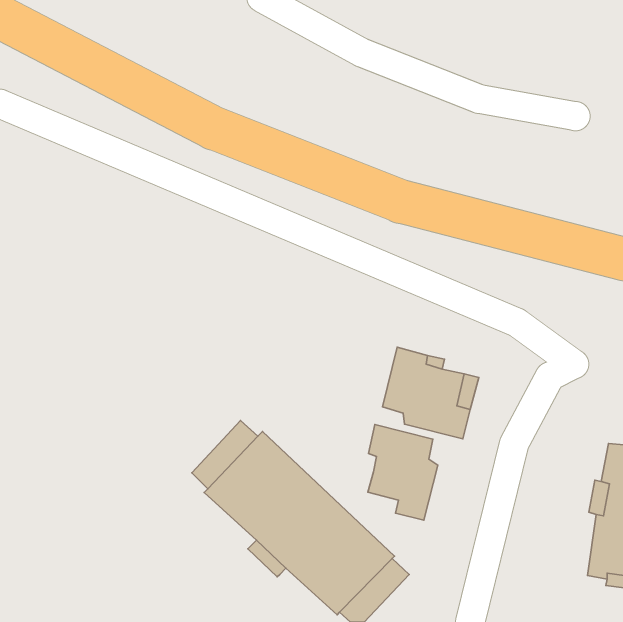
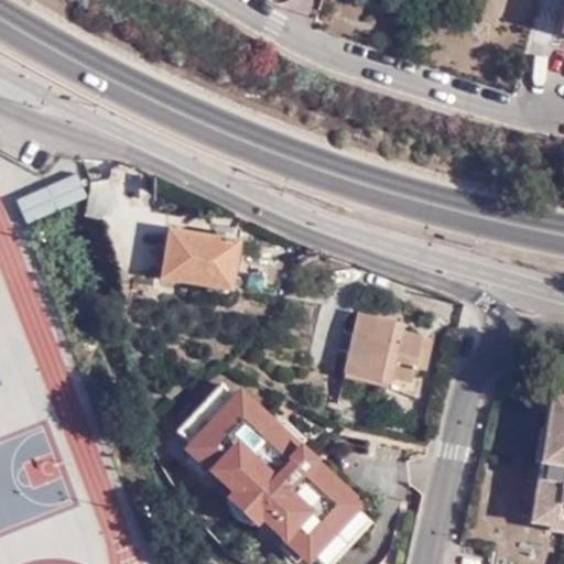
building: none -> [14,175,86,225]
building: none -> [162,225,239,289]
building: [368,424,438,520] -> none

